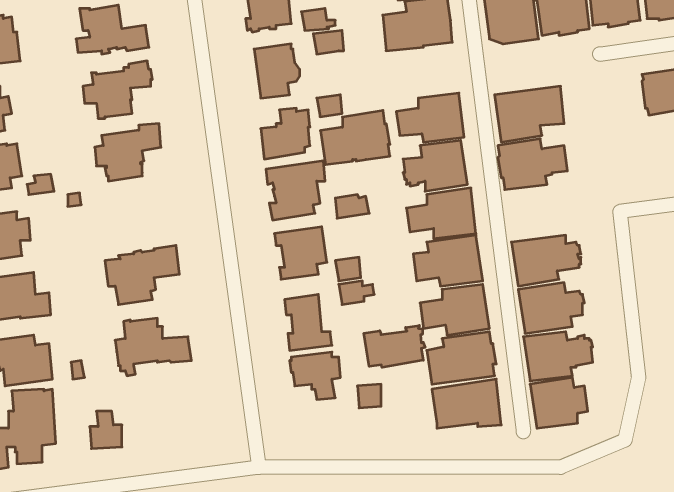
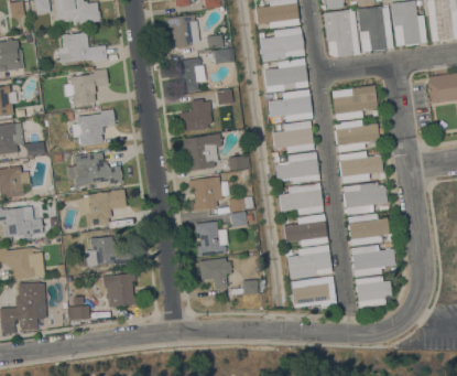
building: [320,110,390,165] -> [263,57,308,93]
building: none -> [338,151,383,184]
building: none -> [66,152,122,185]
building: [364,325,425,367] -> none
building: none -> [106,273,138,307]

